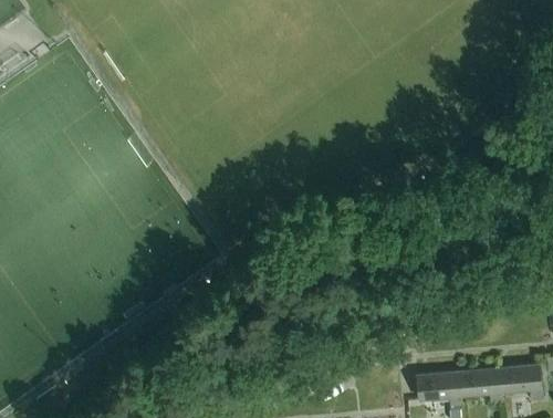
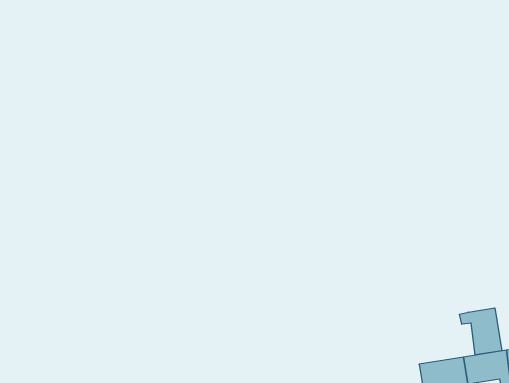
building: none -> [459,308,502,355]

